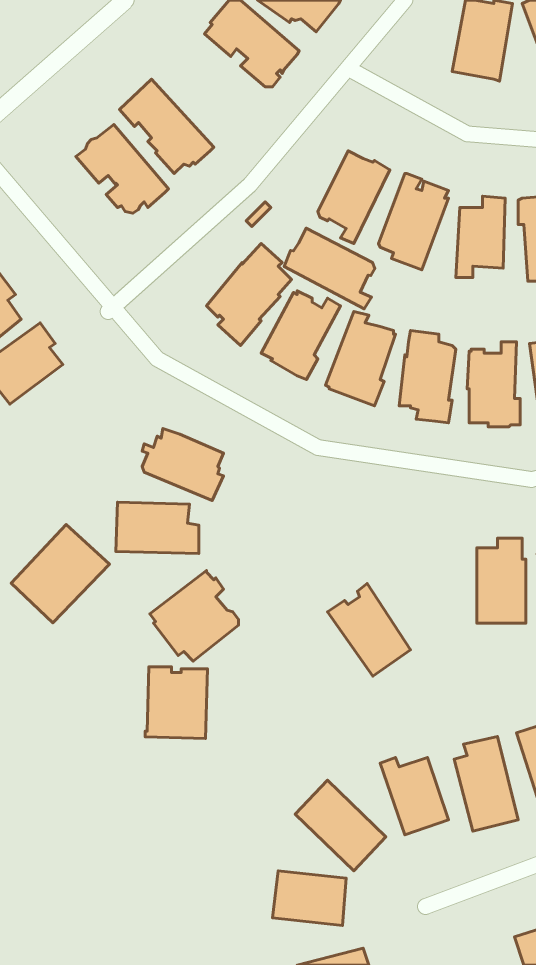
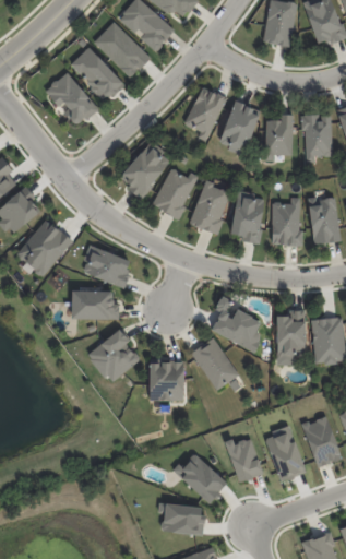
building: none -> [92,22,148,78]
building: [284,228,375,309] -> none
building: none -> [208,295,261,353]
building: [11,525,109,623] -> [14,219,71,276]
building: [145,667,207,739] -> [148,360,184,402]

